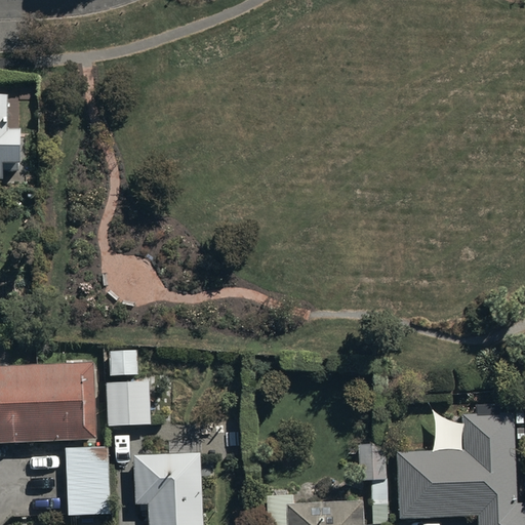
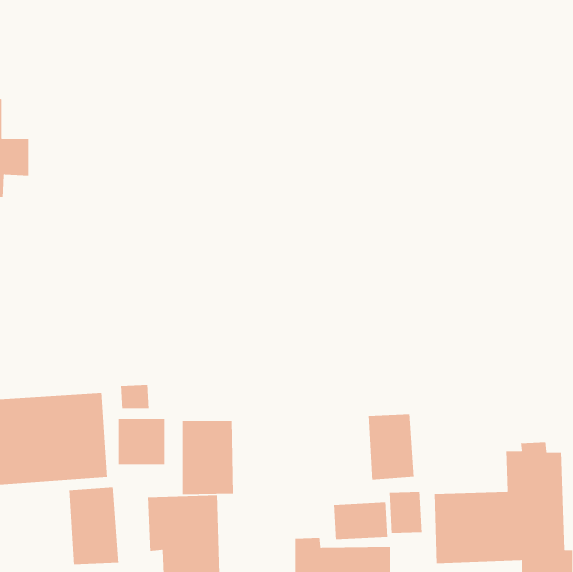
building: none -> [368,413,414,480]
building: none -> [182,420,234,495]
building: none -> [333,502,388,540]

